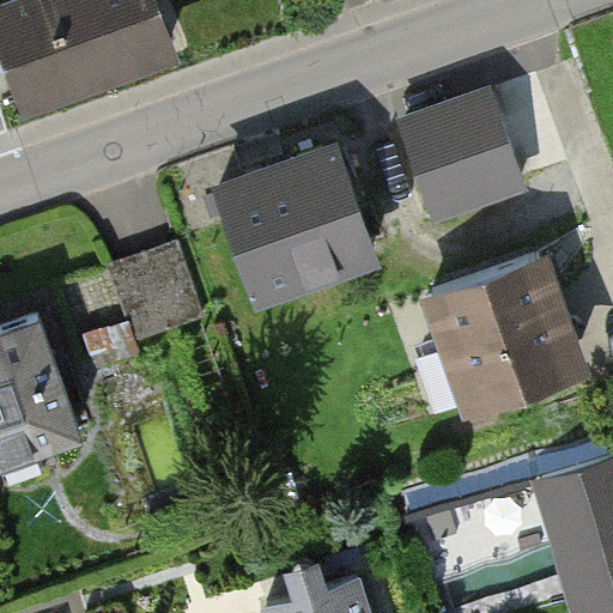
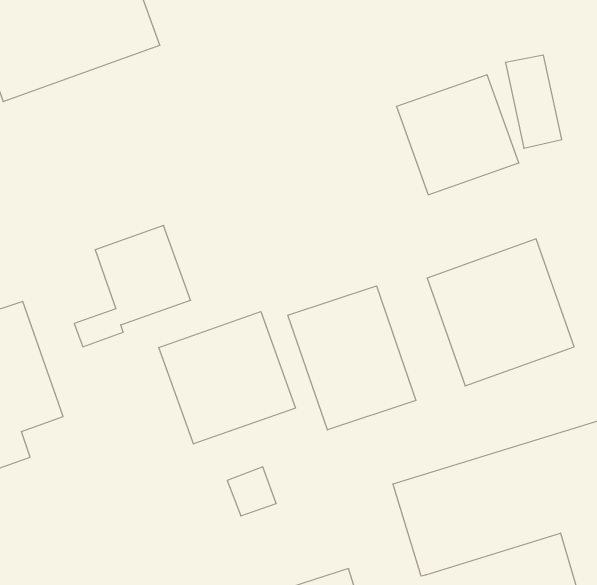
building: [219,150,374,295] -> none
building: none -> [288,286,416,430]
building: none -> [159,312,296,444]

